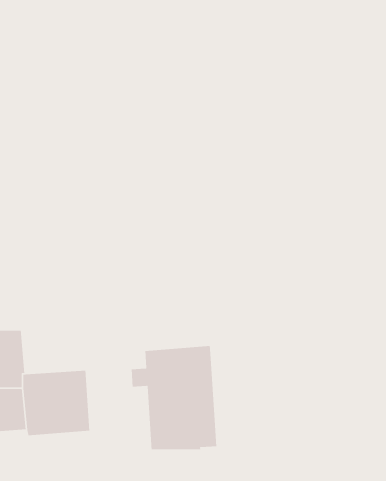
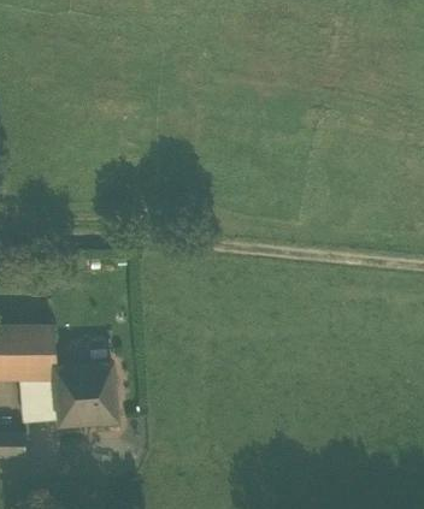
building: [131,345,217,450] -> none

